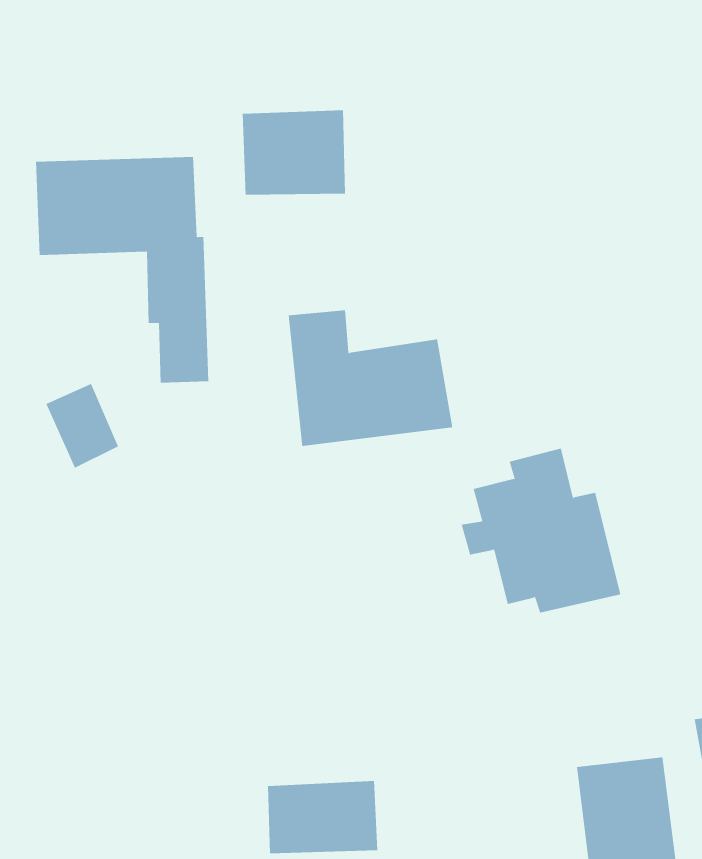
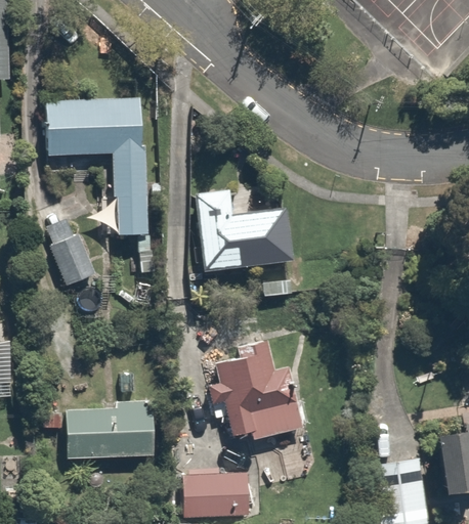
building: [242,110,345,196] -> none
building: [461,448,621,613] -> [209,340,305,439]
building: none -> [67,401,155,458]

